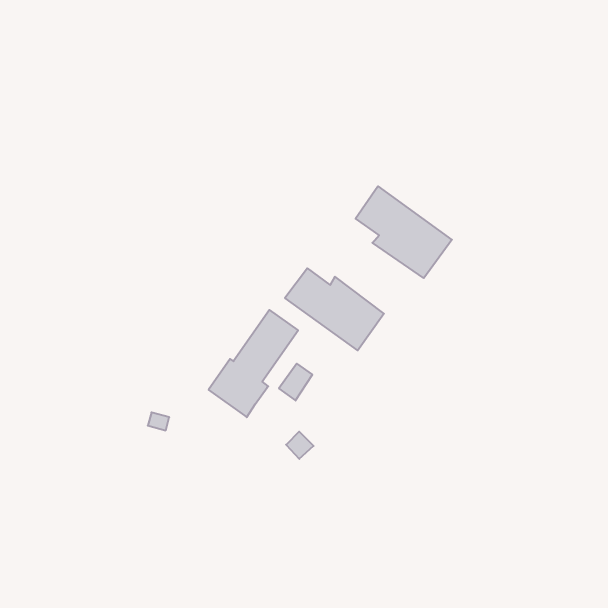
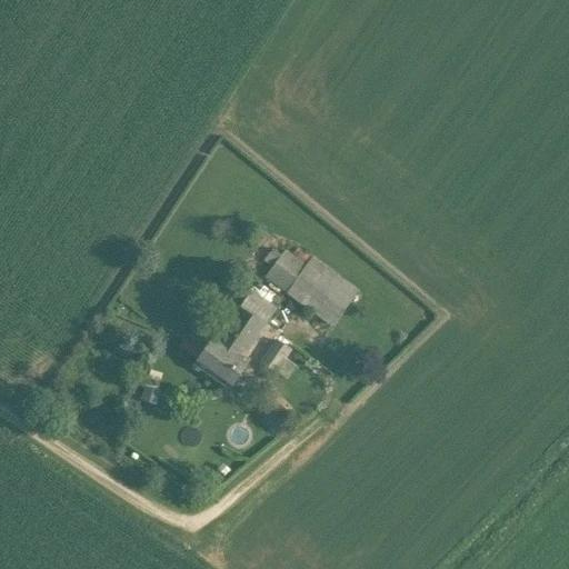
building: [356,186,452,278] -> none

